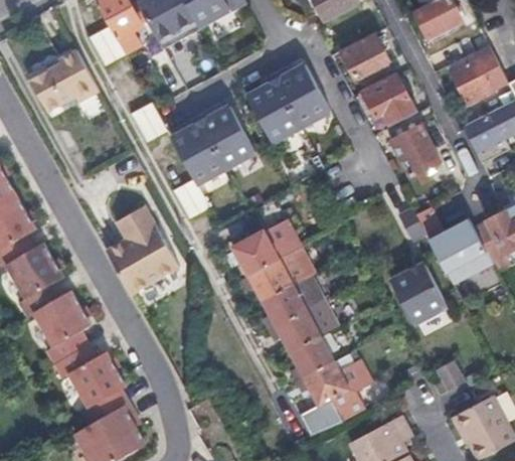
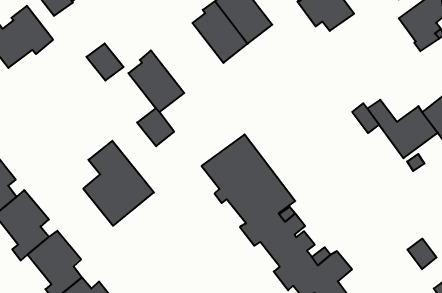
building: [198,106,255,168] -> none
building: [390,125,440,178] -> none
building: [390,264,447,324] -> none

